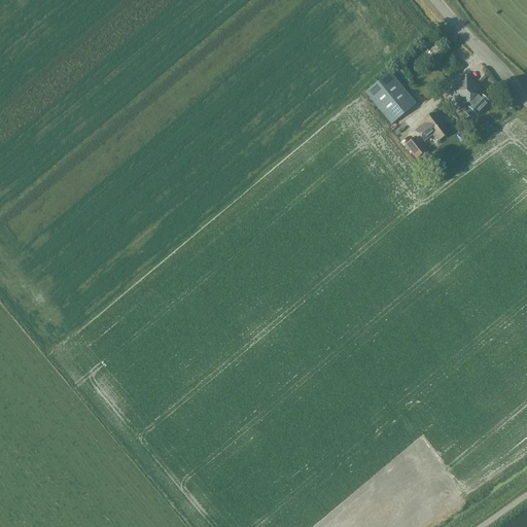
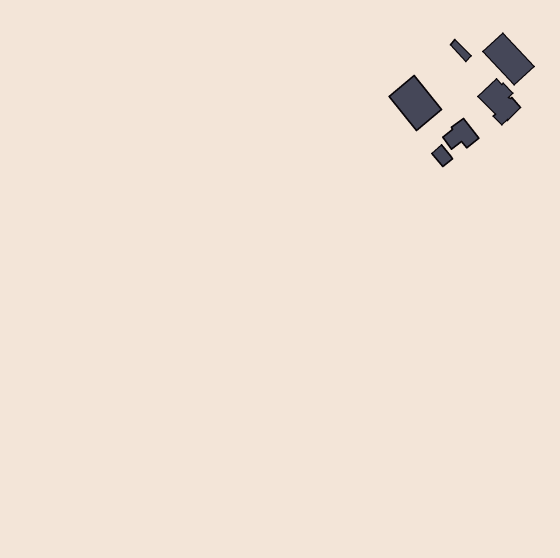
building: none -> [483,33,534,85]

